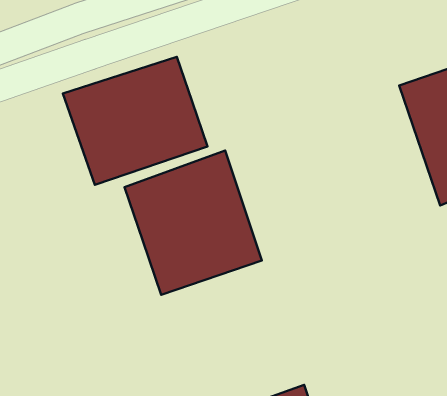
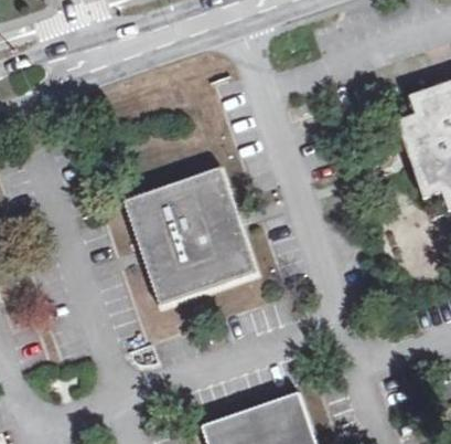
building: [63,57,207,185] -> none

